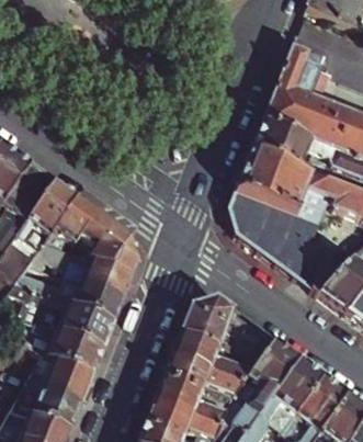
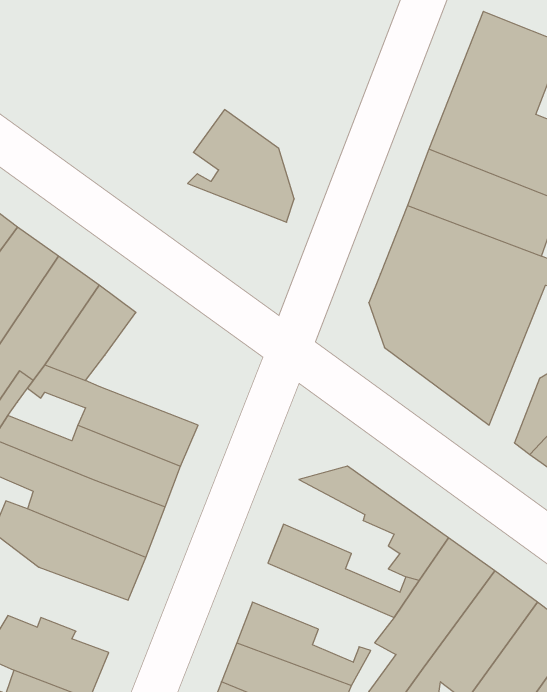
building: [79,211,139,274] -> [188,110,294,222]
building: [183,305,249,355] -> none
building: [166,352,246,401] -> none
building: [27,354,95,403] -> none

